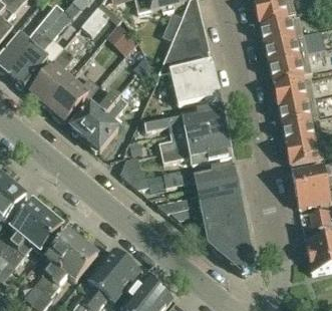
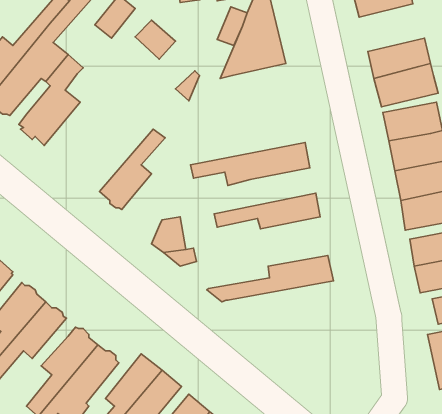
building: [260,16,303,44] -> none
building: [161,52,220,105] -> none
building: [47,75,100,121] -> none
building: [70,90,120,138] -> none
building: [159,122,230,153] -> none
building: [163,164,238,189] -> none
building: [170,199,255,273] -> none

